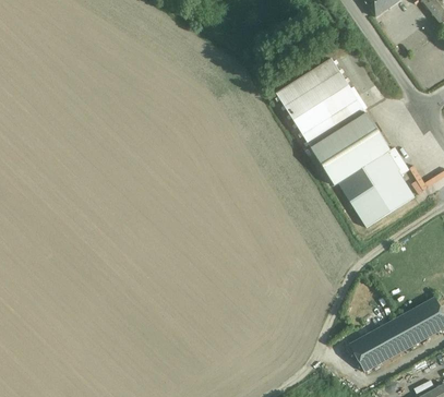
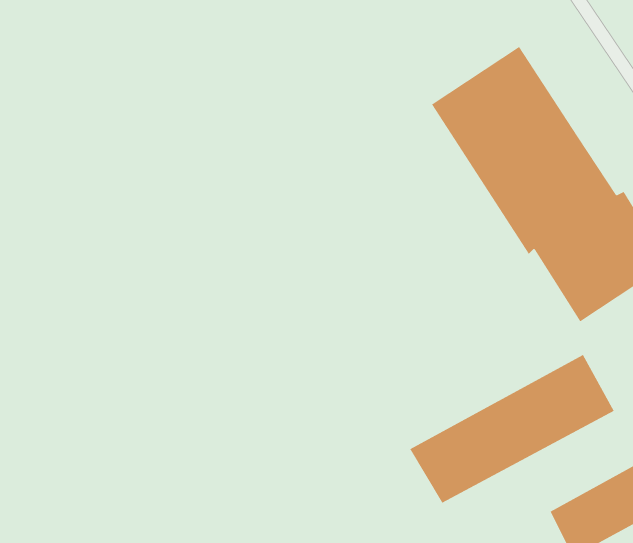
building: none -> [410,354,614,504]

